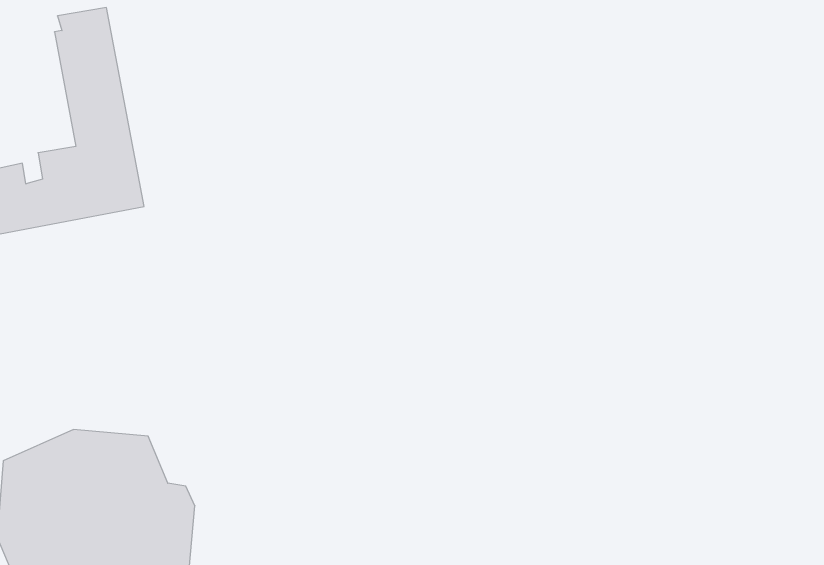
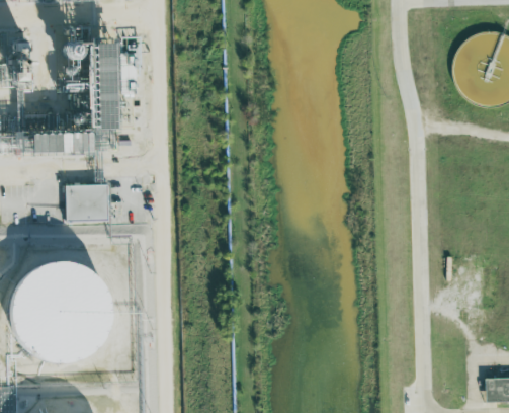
building: none -> [71,184,114,221]

